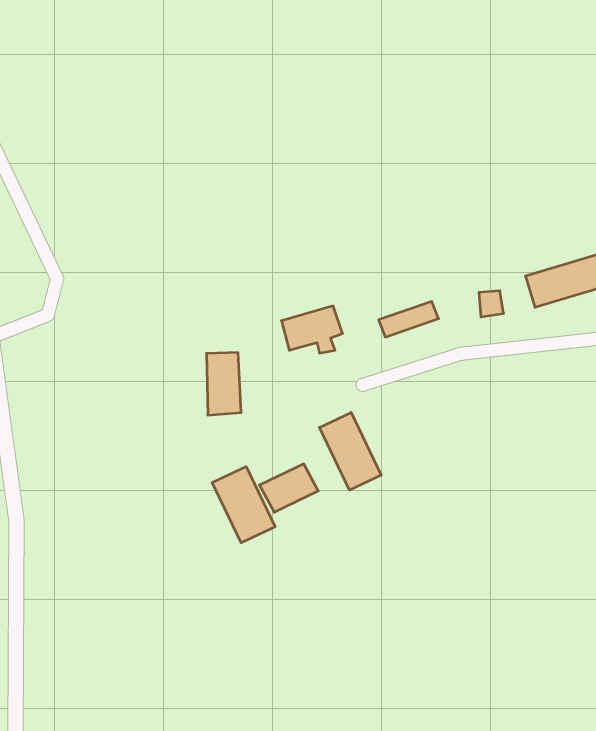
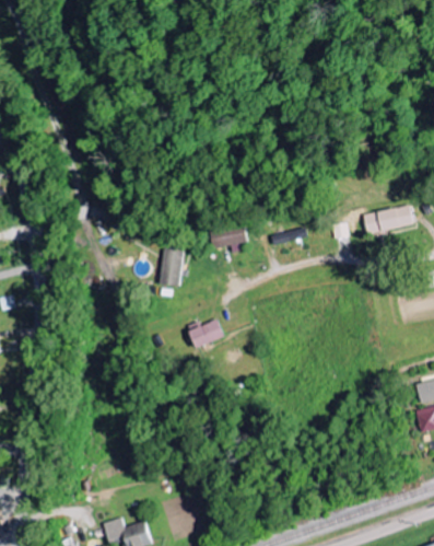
building: [319,412,381,490] -> none
building: [212,467,275,543] -> none

